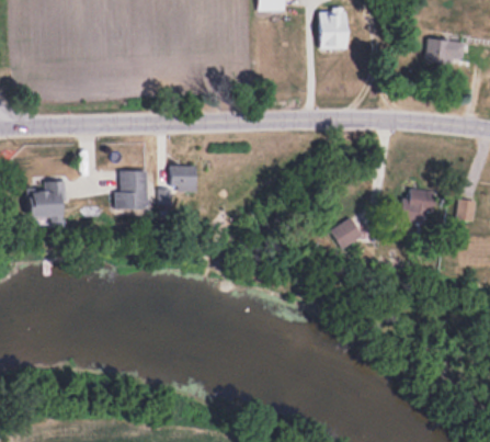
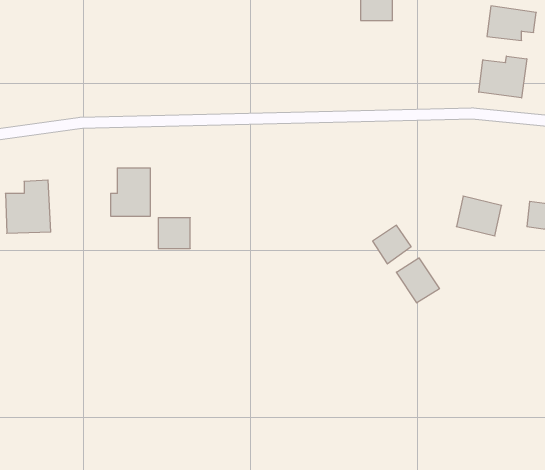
building: none -> [479,56,527,98]
building: [171,166,197,191] -> [158,218,190,248]
building: none -> [396,258,439,303]

